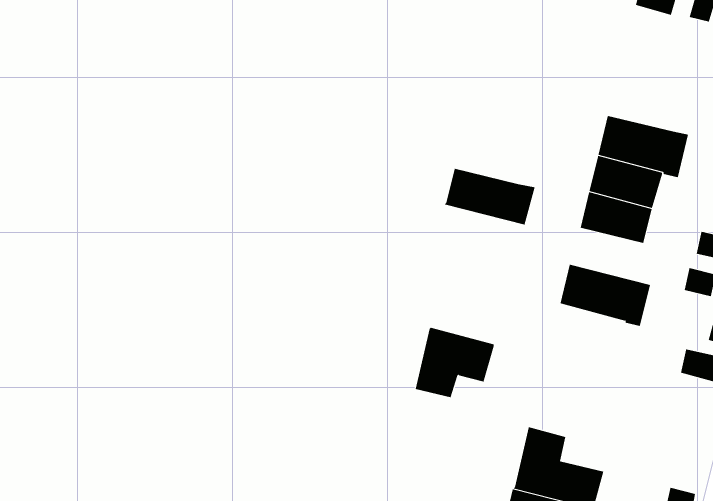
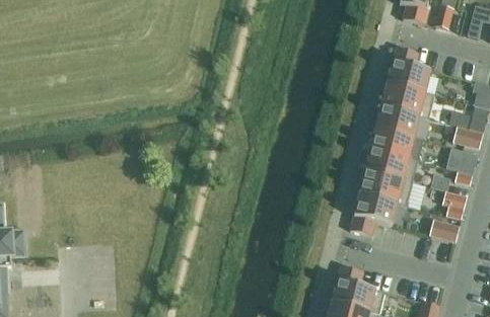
building: none -> [387,48,430,93]
building: [444,168,535,225] -> [364,150,418,183]
building: [415,327,495,398] -> [350,194,397,236]

